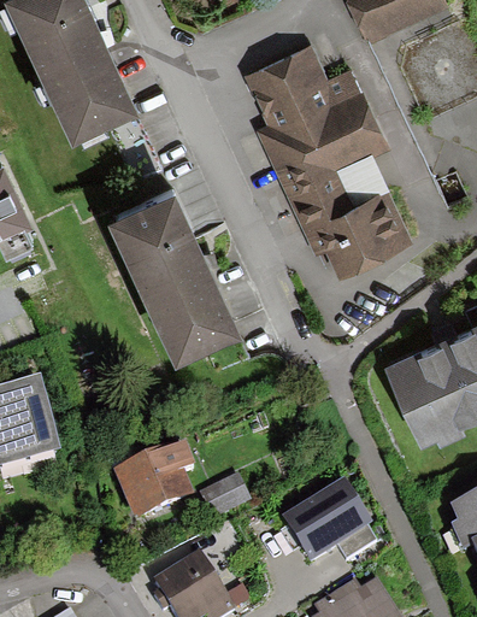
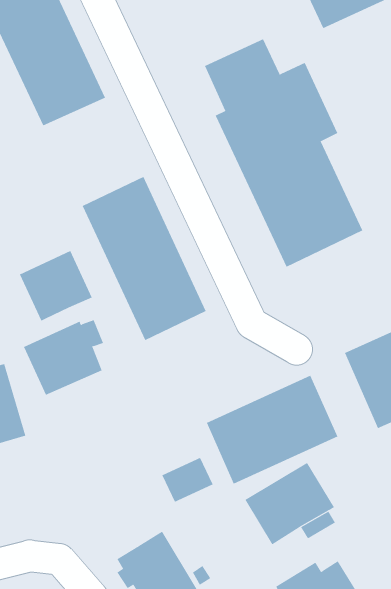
building: none -> [19,250,92,322]
building: none -> [206,375,338,484]
building: [112,442,194,519] -> [23,320,104,395]

